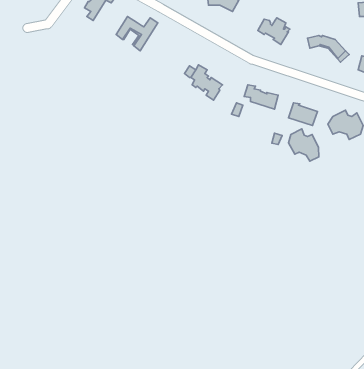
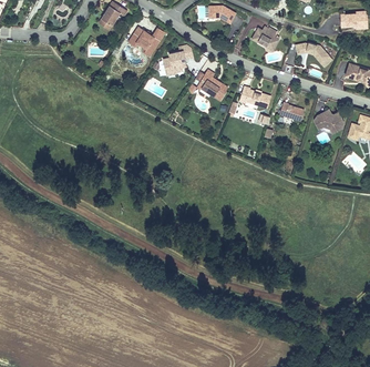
building: none -> [163,44,195,77]
building: [288,129,319,161] -> none

